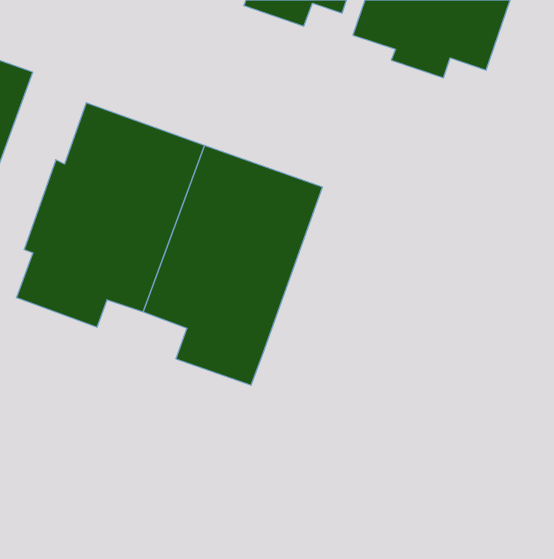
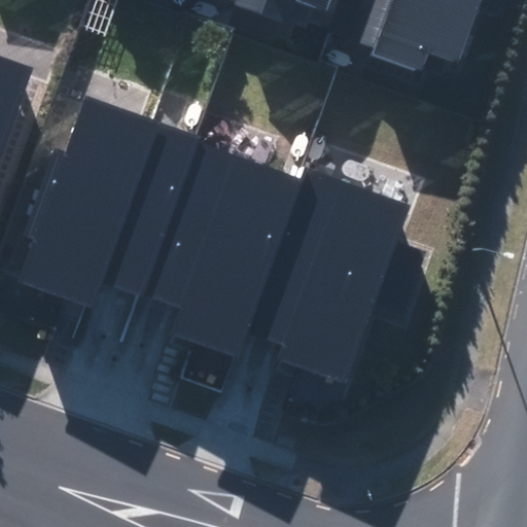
building: none -> [248,172,423,383]

